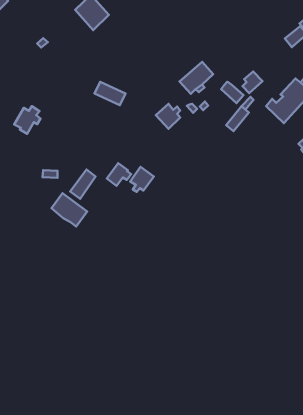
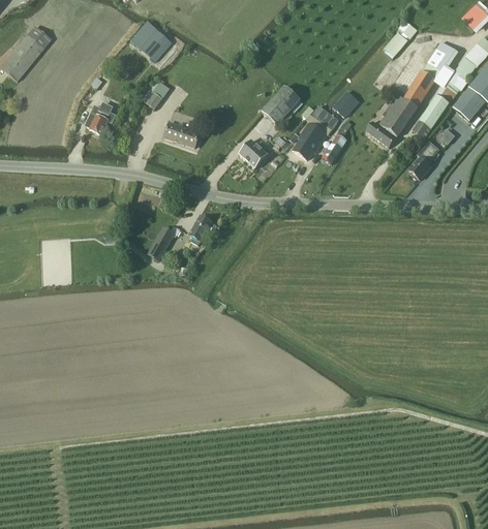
building: none -> [143,79,170,107]
building: none -> [294,122,326,157]
building: [14,106,40,134] -> [85,101,115,134]
building: [130,167,154,192] -> none
building: [51,193,87,227] -> none

